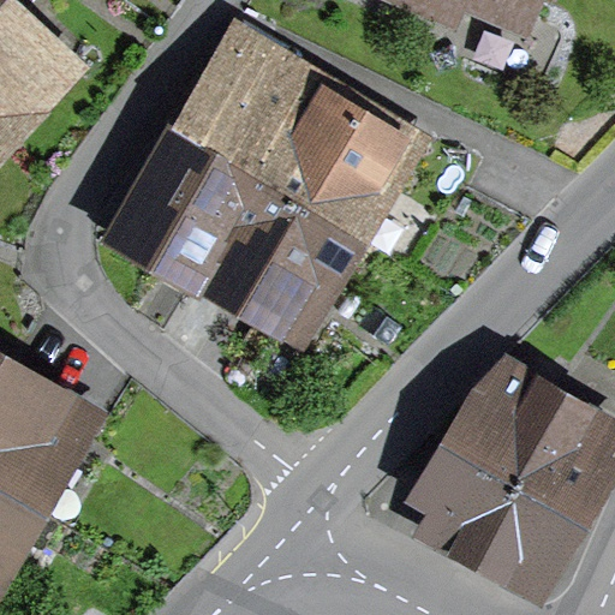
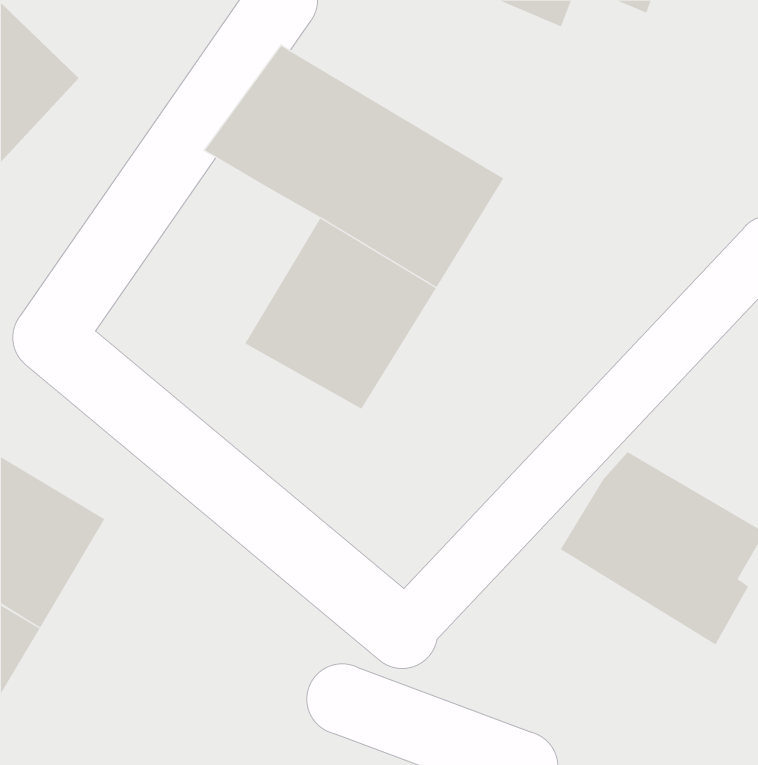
building: [125,129,263,276] -> none
building: [428,441,580,590] -> none

